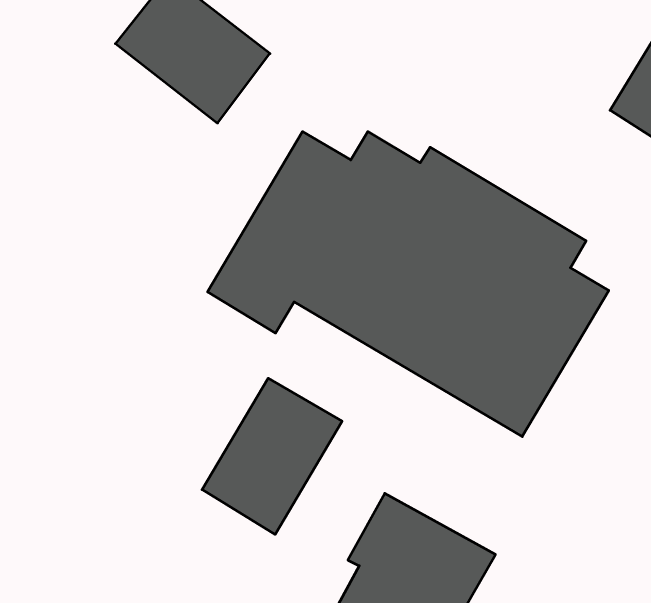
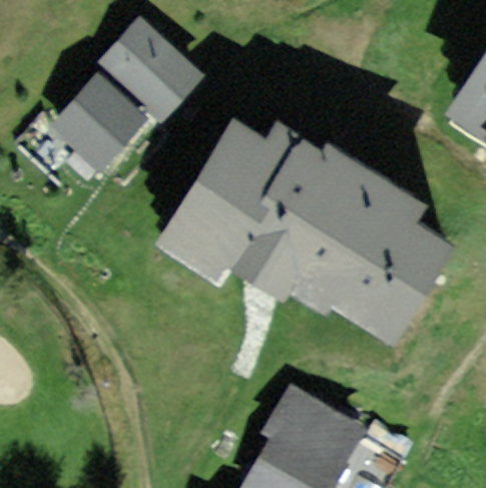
building: none -> [51,72,156,176]
building: [202,378,342,534] -> none

